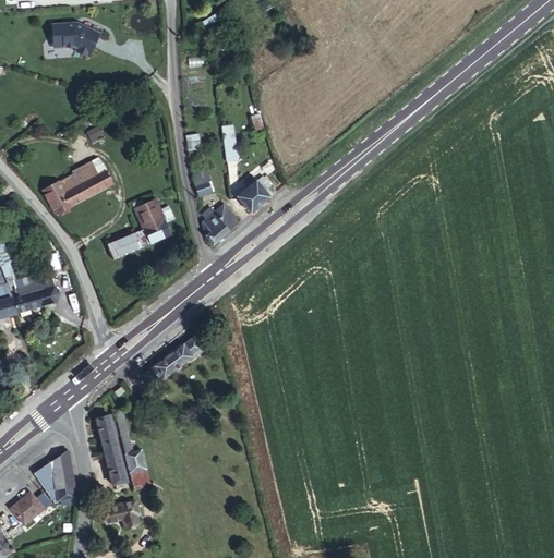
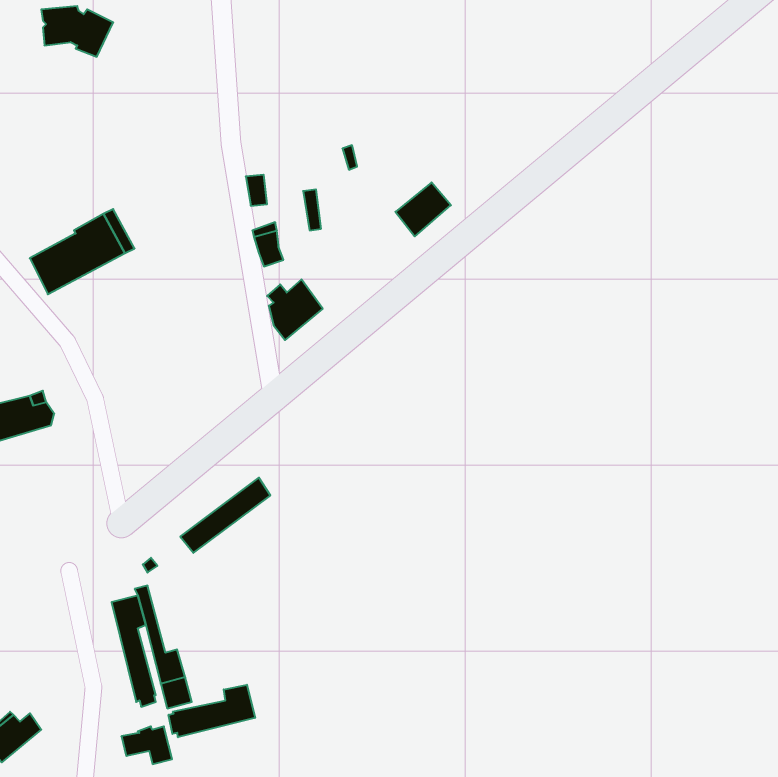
building: [238,177,275,213] -> [395,182,451,236]
building: [105,195,169,258] -> none
building: [36,450,75,502] -> none
building: none -> [169,685,255,737]

